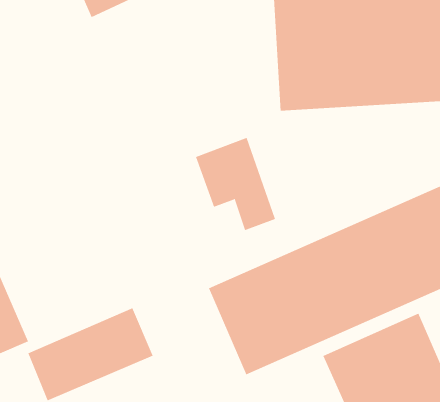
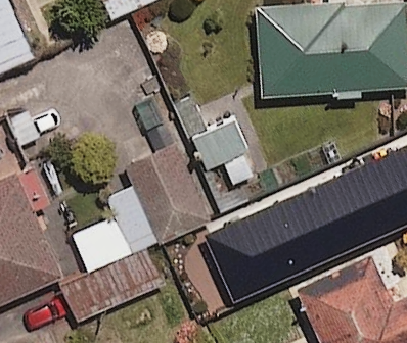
building: none -> [106,141,208,254]

